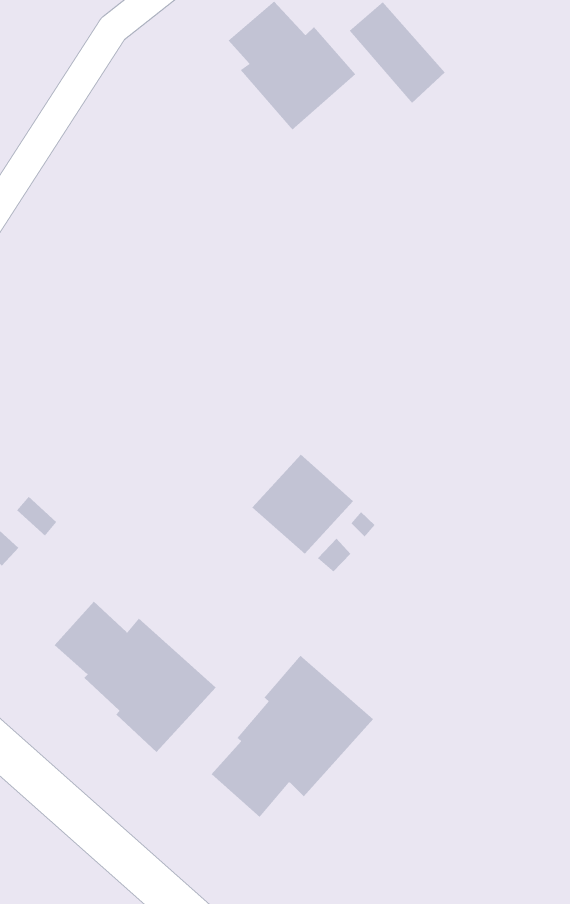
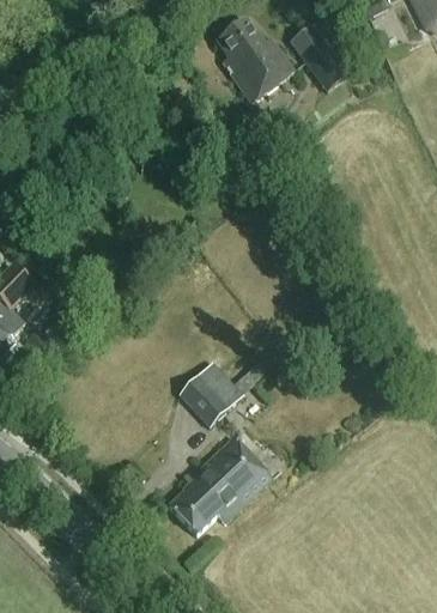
building: [252,454,354,554] -> [178,362,243,425]
building: [54,601,217,753] -> none

